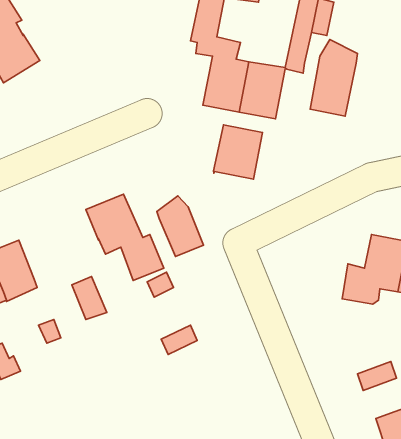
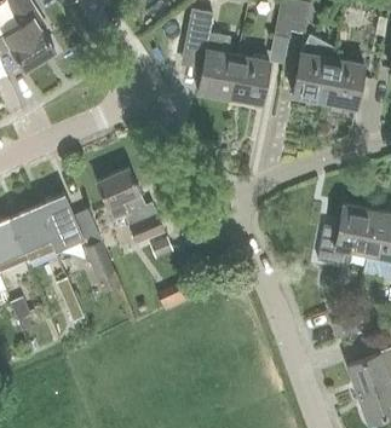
building: none -> [322,57,364,109]
building: [214,125,263,179] -> none
building: [157,196,203,257] -> none
building: none -> [39,198,85,251]

